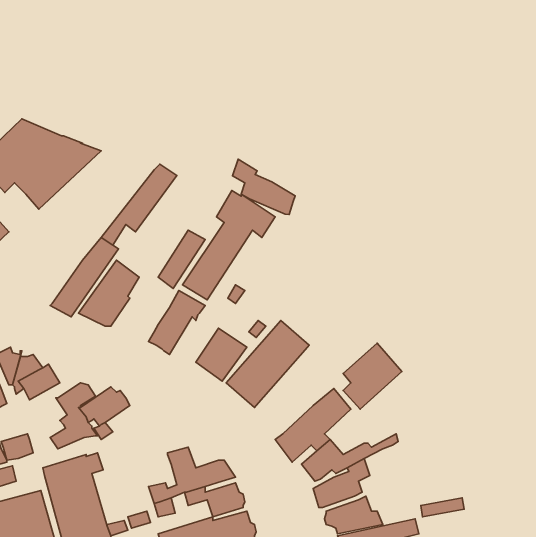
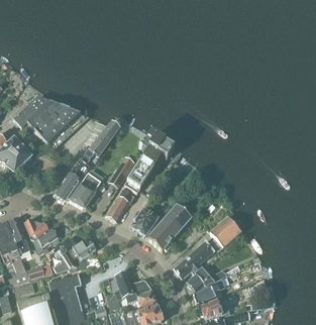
building: [232,159,295,215] -> none

